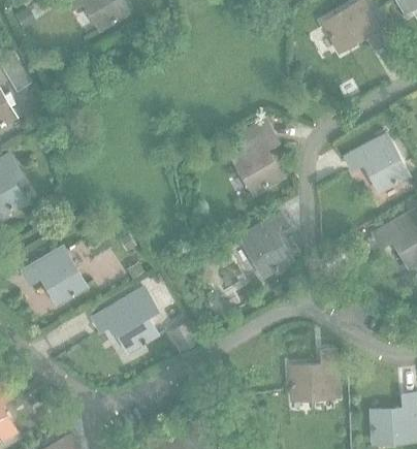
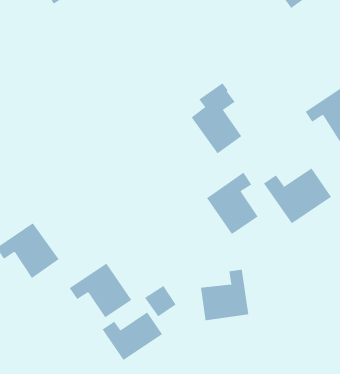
building: none -> [263,167,332,224]
building: none -> [102,312,163,361]
building: [290,350,338,399] -> [200,269,249,321]

